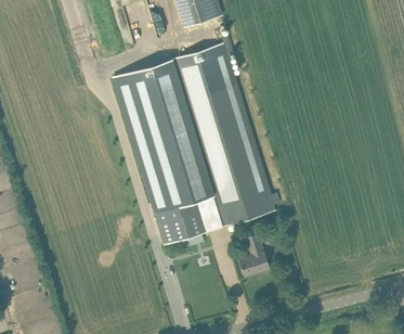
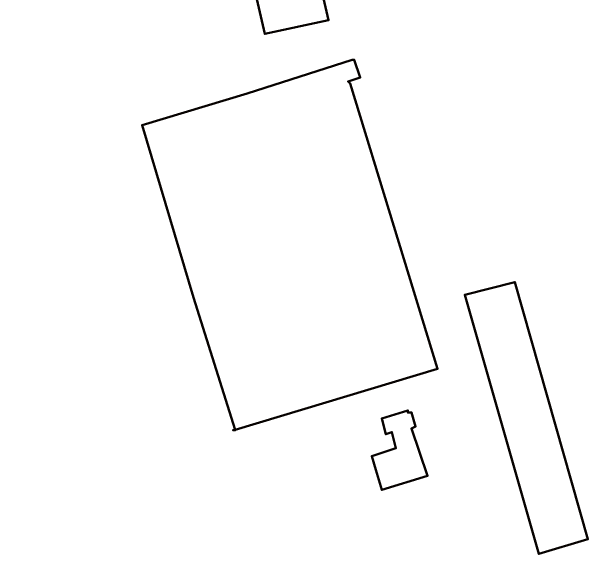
building: none -> [465,282,588,554]

